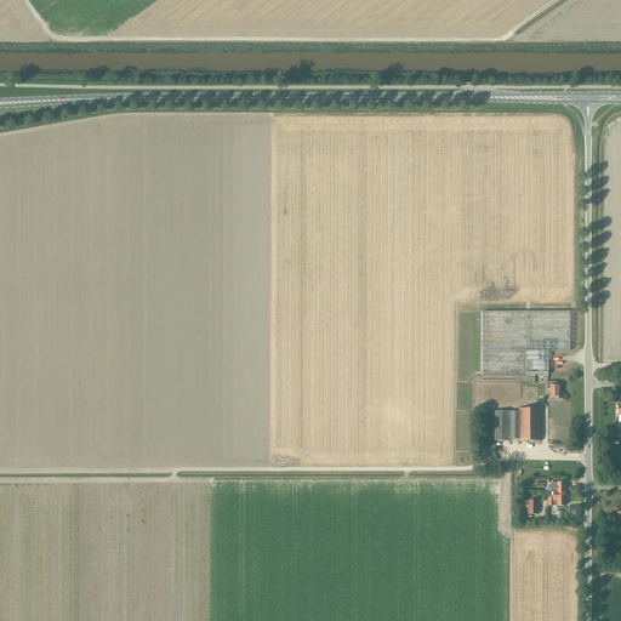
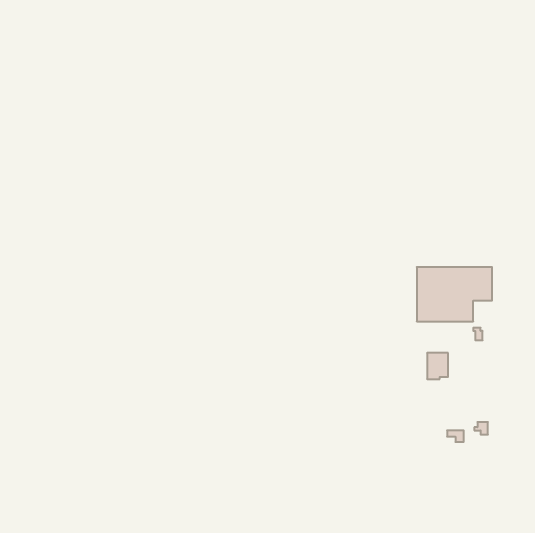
building: [519,406,541,439] -> none

